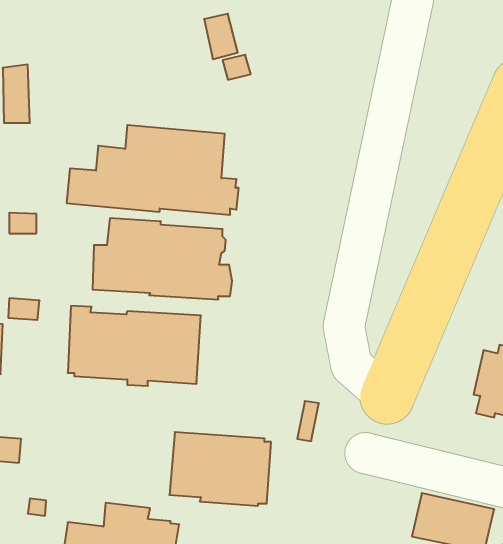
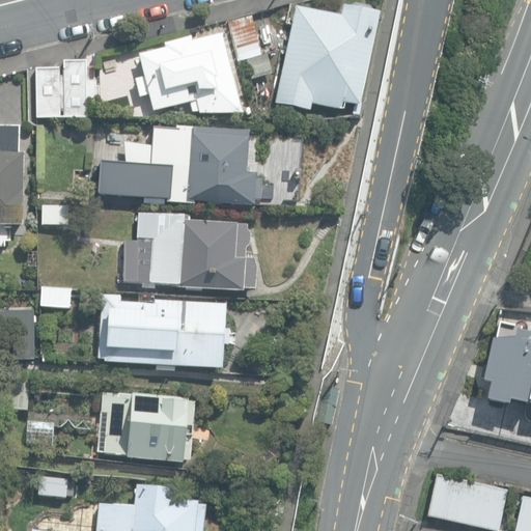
building: none -> [274,5,379,110]
building: none -> [135,33,242,114]
building: none -> [62,60,94,118]
building: [169,432,271,506] -> [96,391,194,462]

